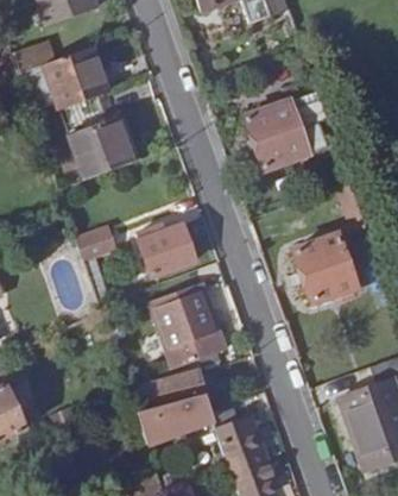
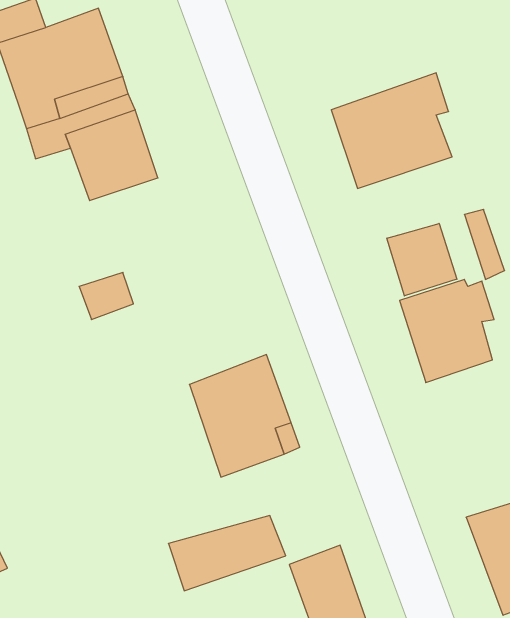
building: none -> [387,223,457,296]
building: [115,227,196,287] -> none
building: [154,372,207,407] -> none

